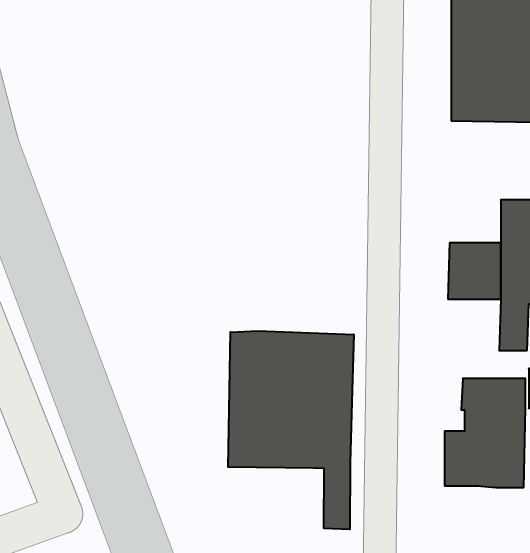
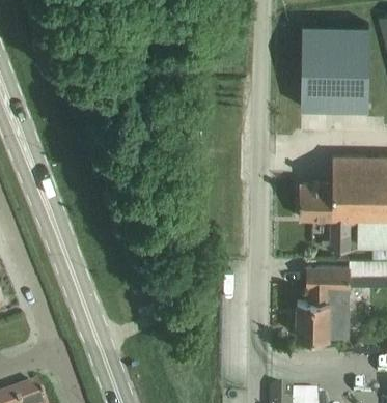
building: [228,331,354,529] -> none

